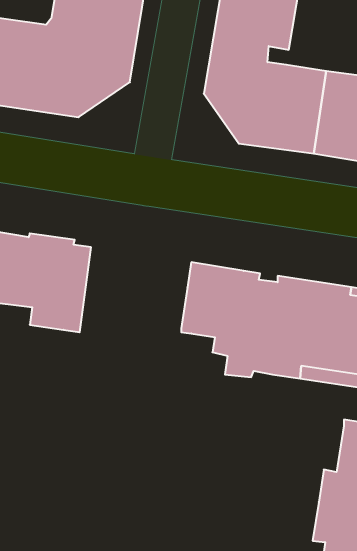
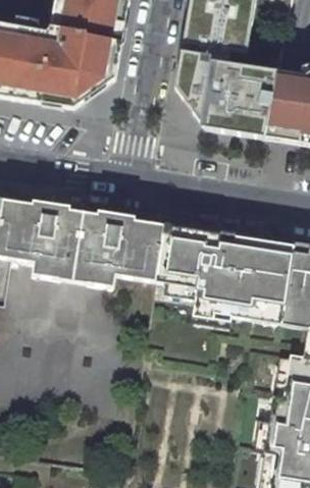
building: none -> [75,211,166,288]

